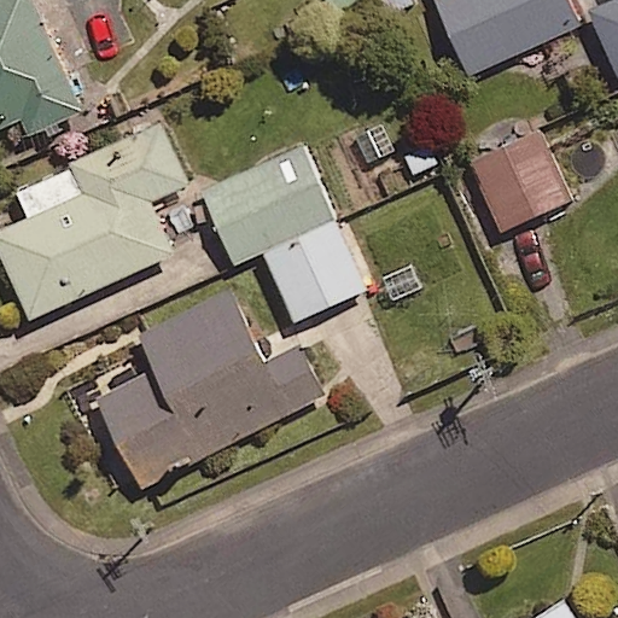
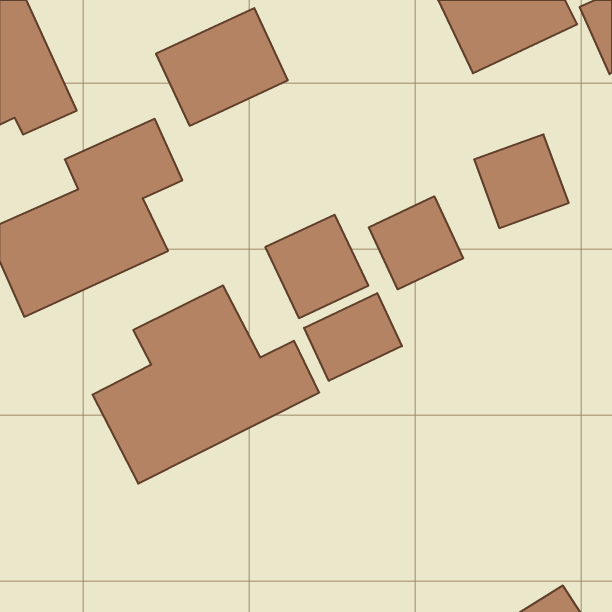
building: [204,145,337,263] -> [156,8,288,126]
building: none -> [369,196,463,289]
building: none -> [304,293,402,381]

